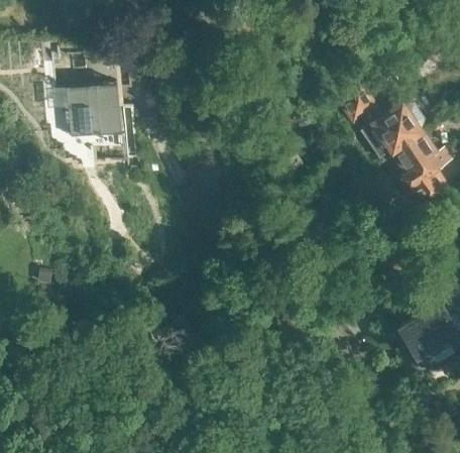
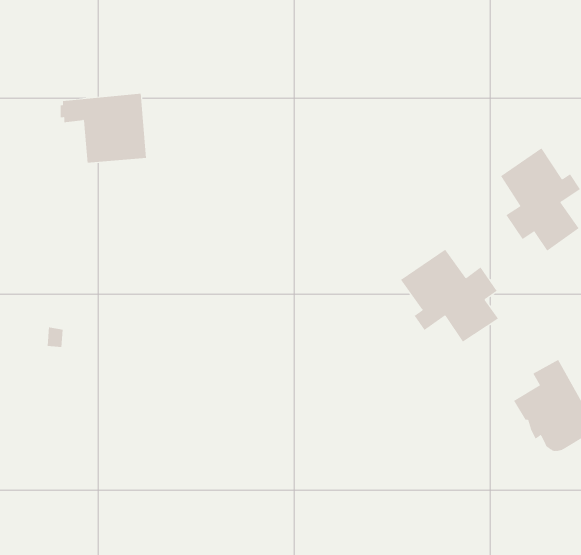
building: [336,81,425,157] -> none
building: none -> [400,249,499,342]

